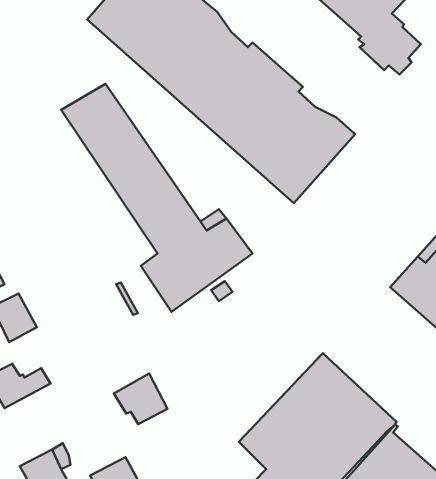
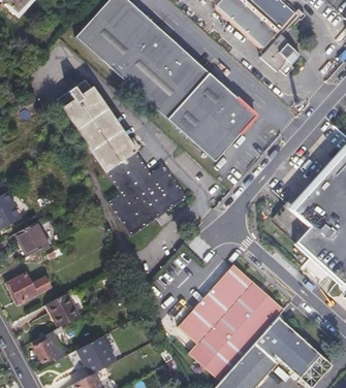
building: [114,374,167,424] -> [46,289,83,323]

